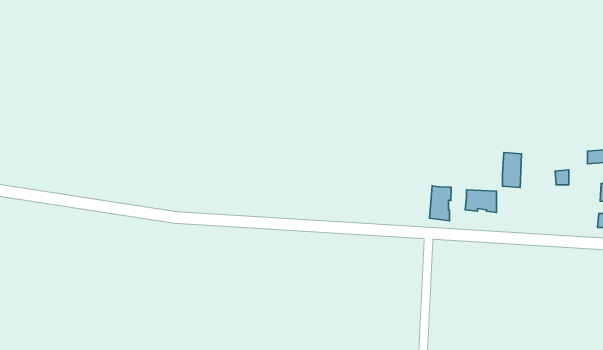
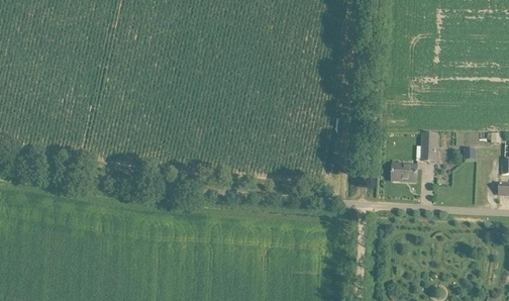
building: [430,186,451,221] -> none

